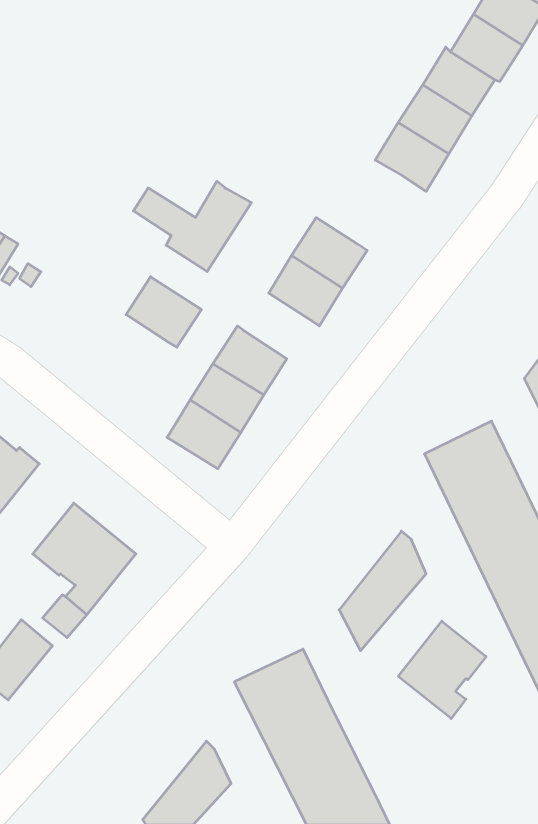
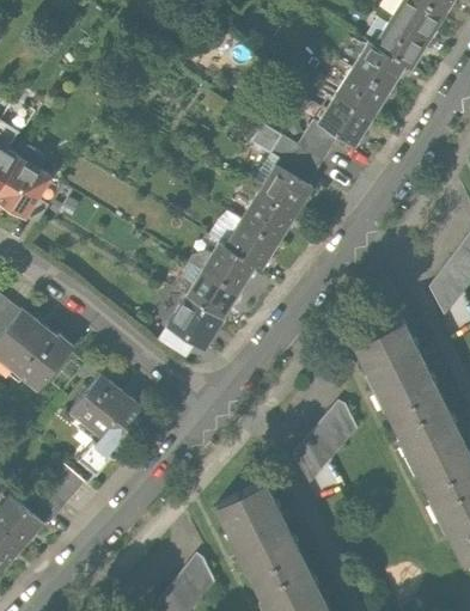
building: [133,181,251,272] -> [251,121,337,187]
building: [126,277,201,347] -> [222,222,277,274]
building: [398,621,486,719] -> none

